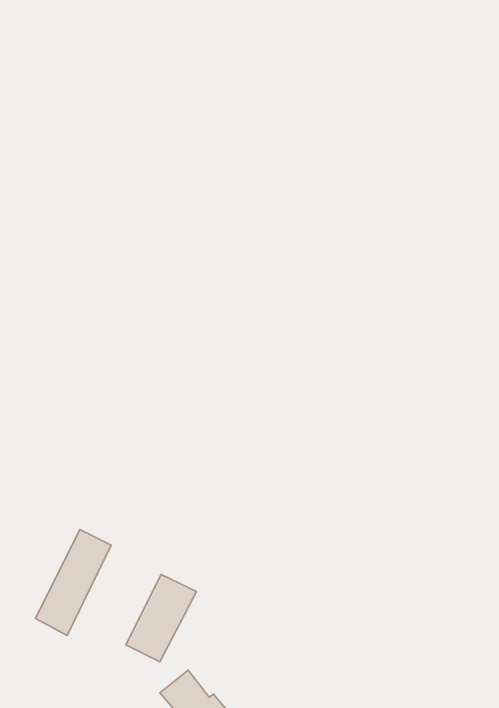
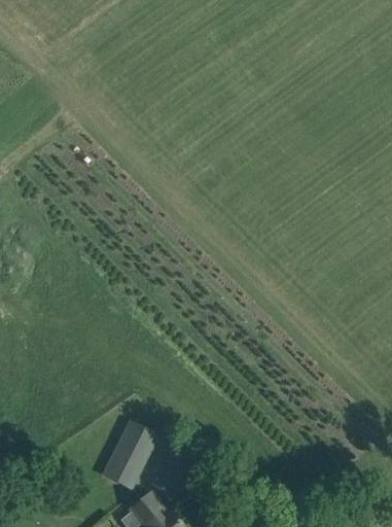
building: [35,529,111,635] -> none

